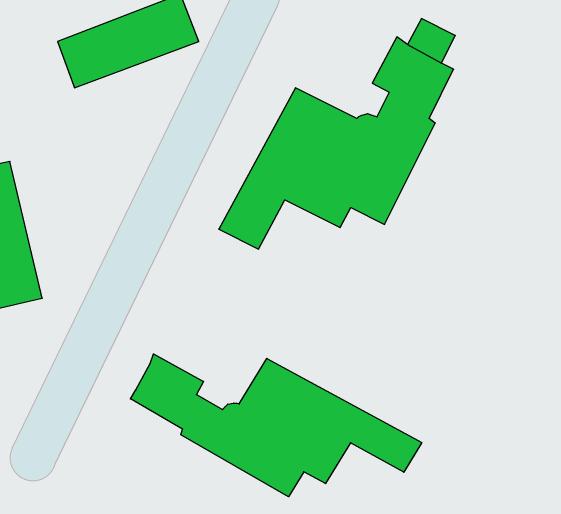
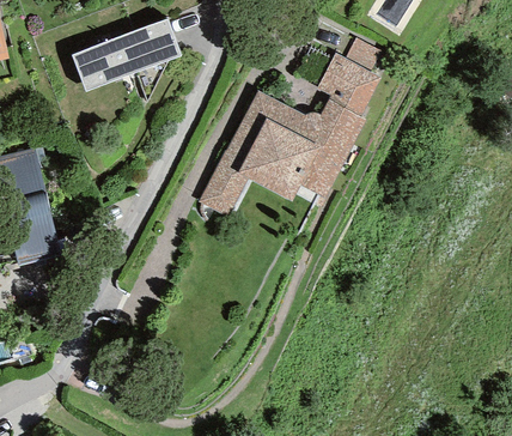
building: [130,354,422,497] -> none

